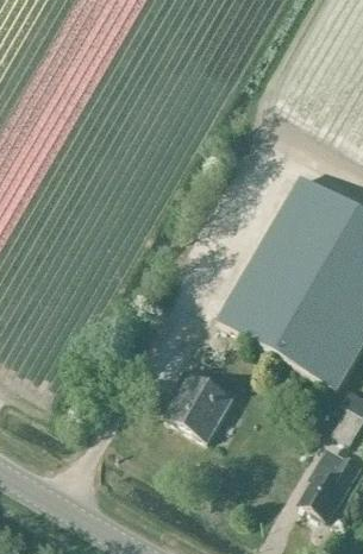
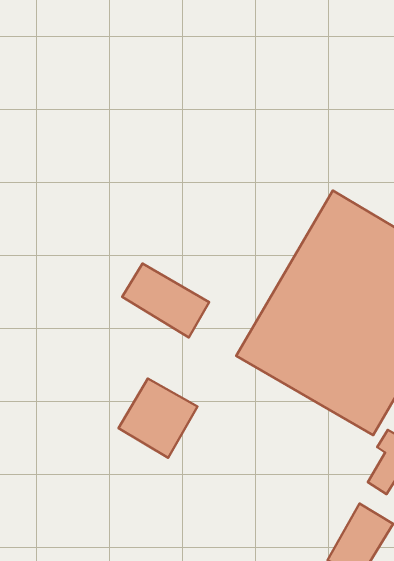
building: none -> [122,264,209,337]
building: [163,371,233,441] -> [118,378,198,458]

